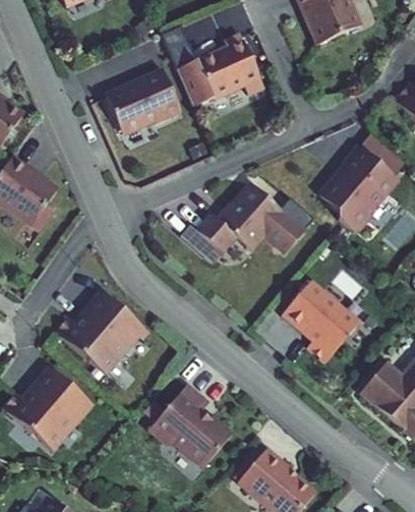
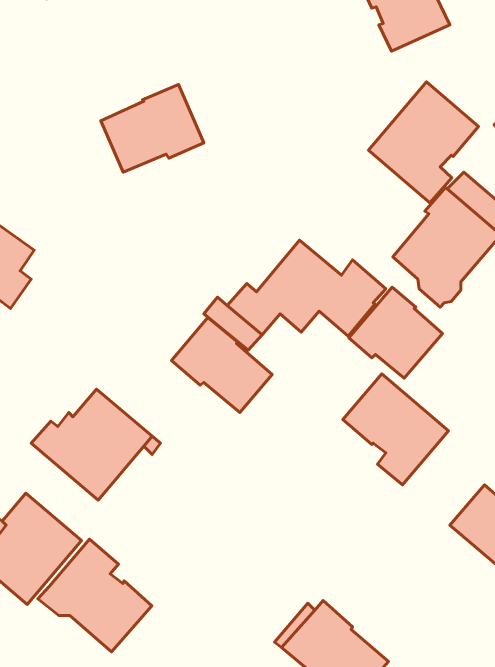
building: [161,24,264,107] -> none
building: none -> [368,82,478,203]
building: none -> [349,287,442,378]
building: none -> [171,317,272,412]
building: [150,384,233,466] -> [38,539,152,652]

